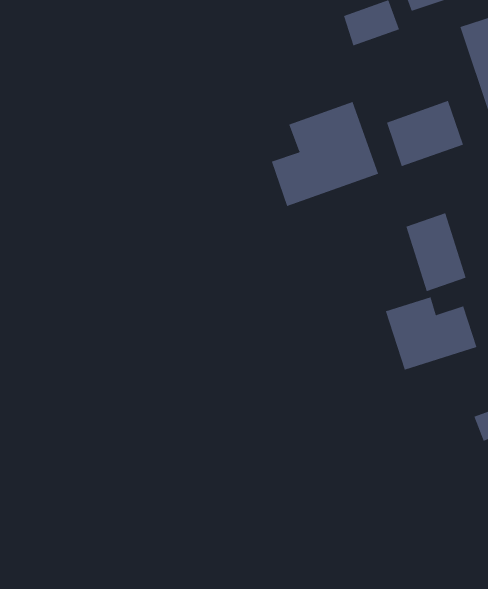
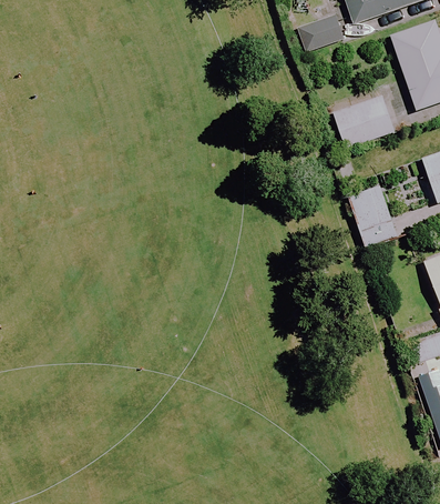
building: [271,101,379,207] -> none
building: [385,297,477,371] -> none

